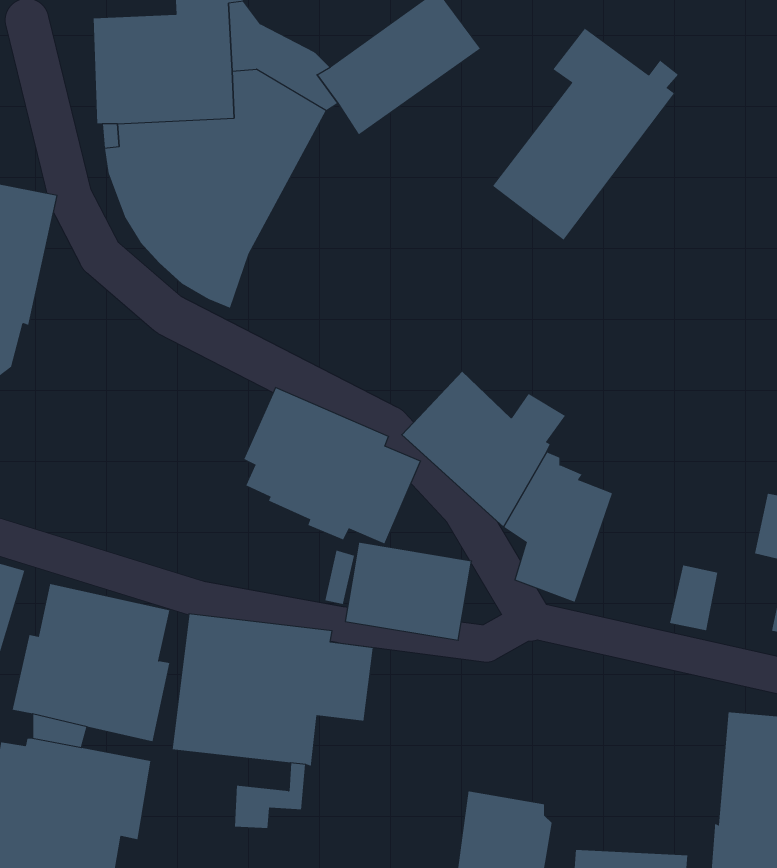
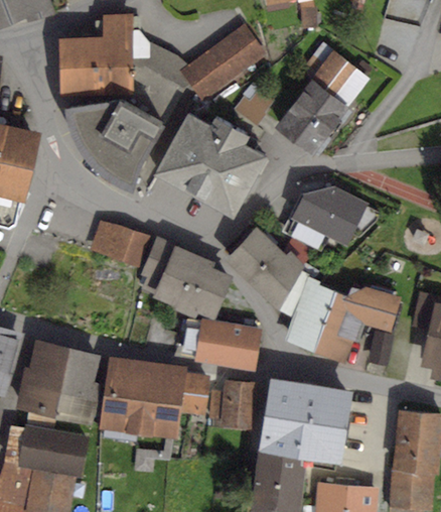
building: none -> [234,87,275,125]
building: none -> [154,113,267,218]
building: none -> [283,185,381,248]
building: none -> [90,221,149,266]
building: none -> [317,286,399,360]
building: none -> [209,378,259,431]
building: none -> [260,379,354,465]

